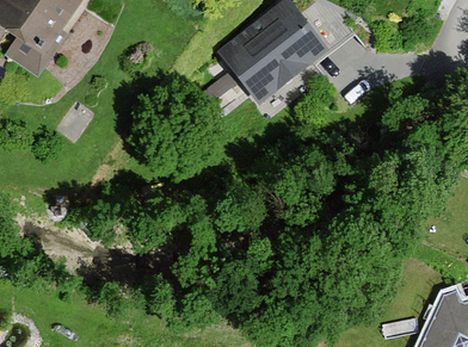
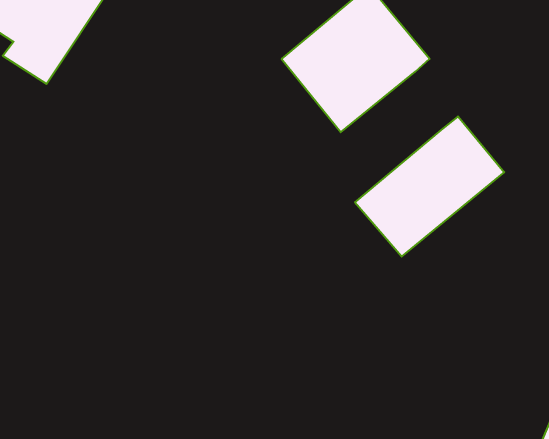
building: none -> [355,116,504,257]

